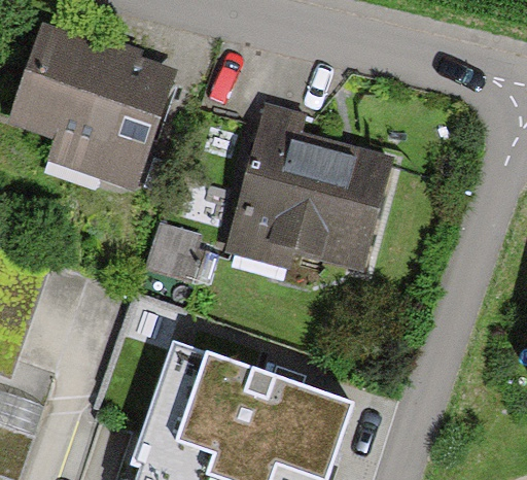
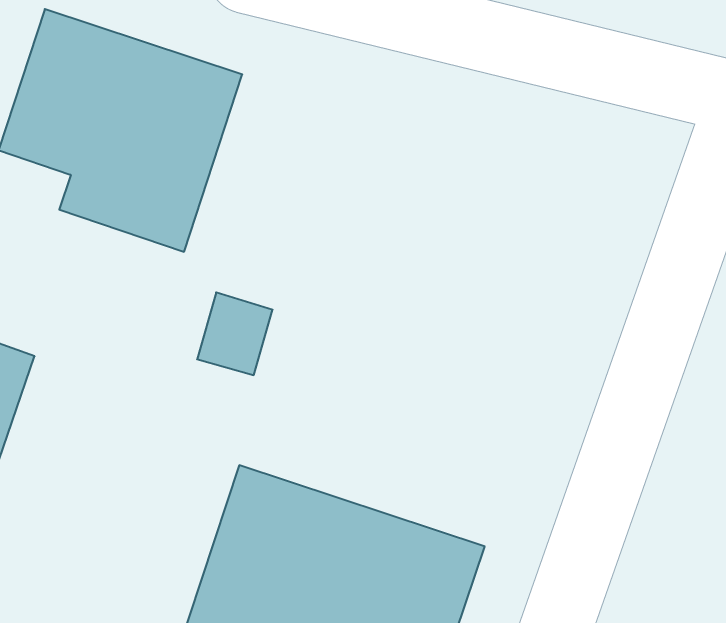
building: [230,104,392,266] -> none

